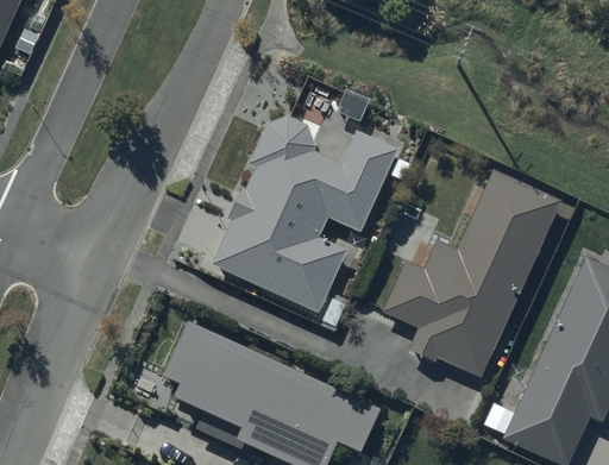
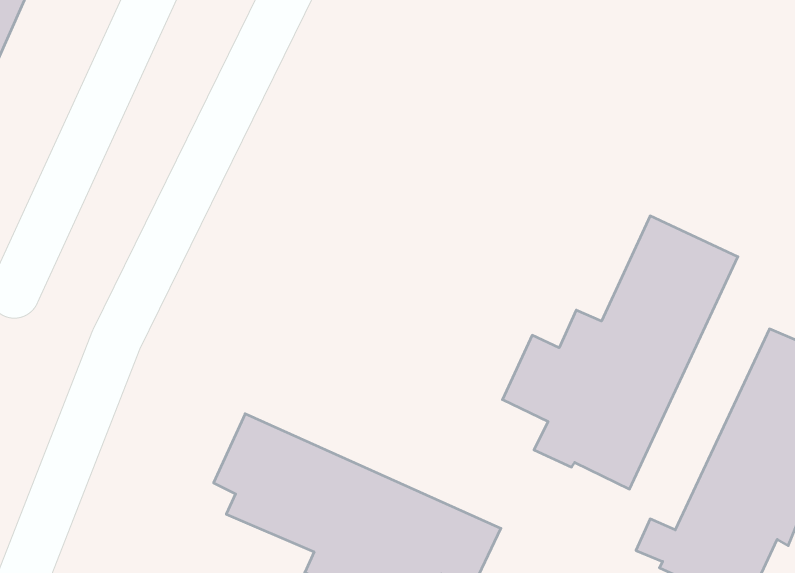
building: [212,117,397,312] -> none

